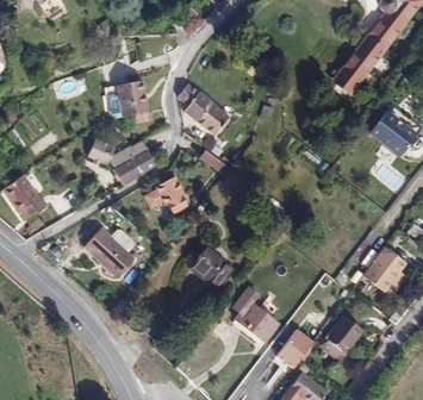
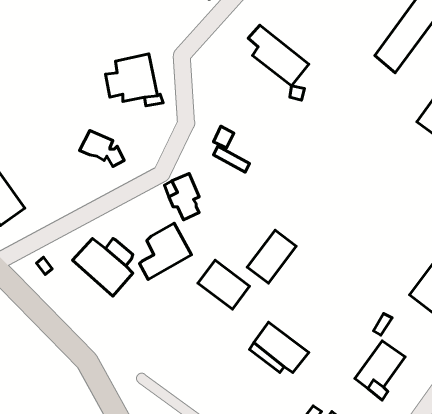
building: [182,85,232,135] -> [248,25,309,86]
building: [114,139,157,186] -> [139,223,191,279]
building: none -> [247,230,296,283]
building: [275,329,313,368] -> none

